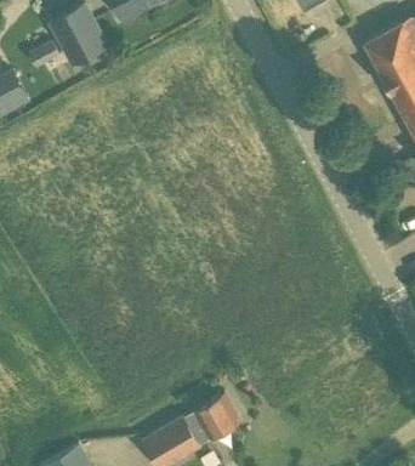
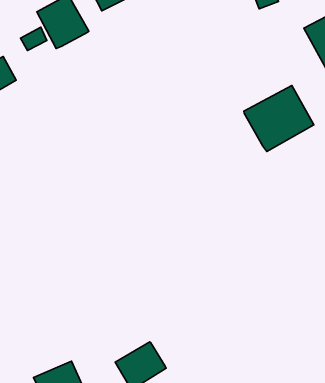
building: none -> [244,85,314,152]
building: [181,394,238,445] -> none

